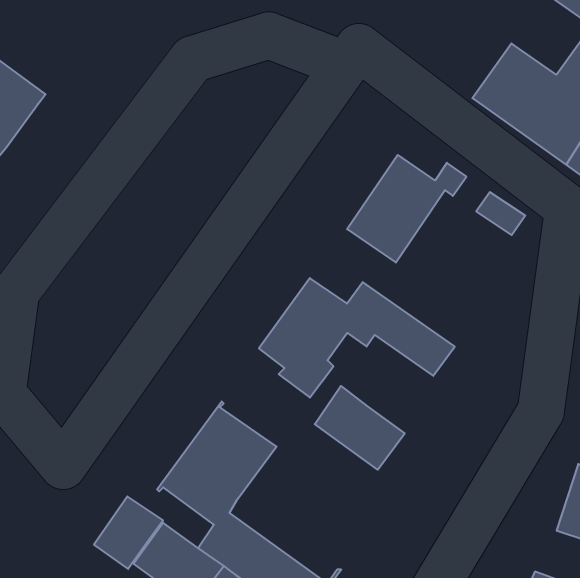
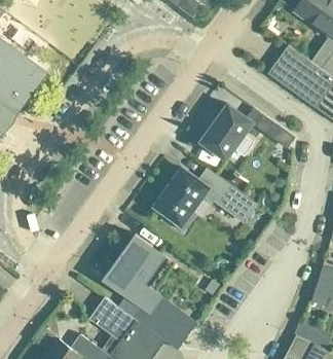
building: [315,386,405,470] -> none
building: [94,496,163,569] -> none

